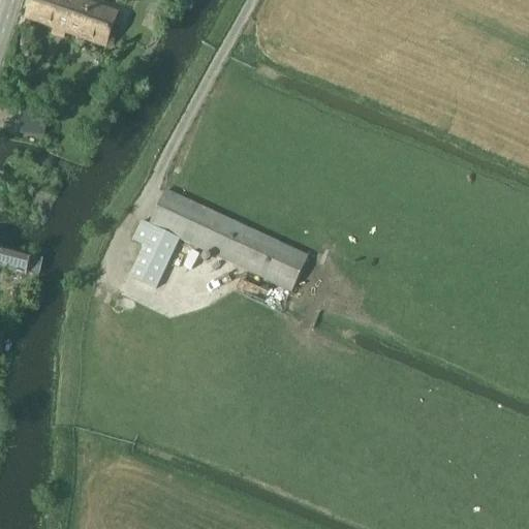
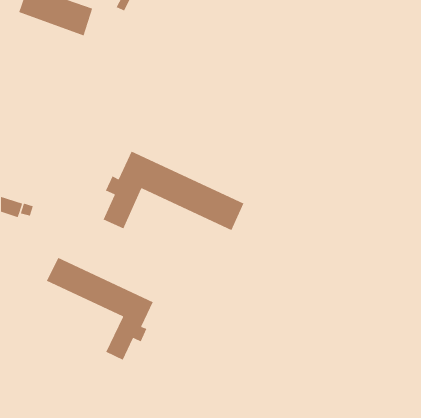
building: none -> [46,257,154,361]

